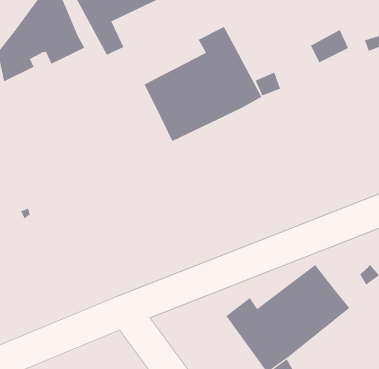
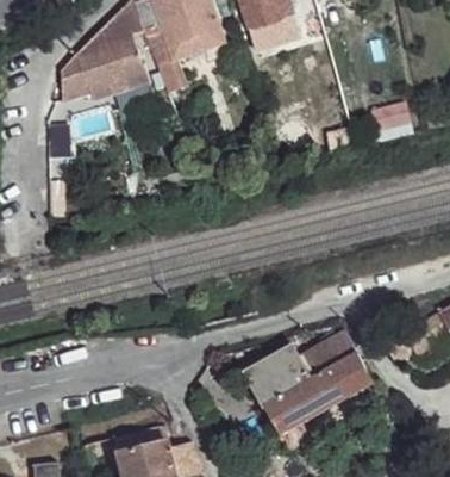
building: [144,26,262,142] -> none

